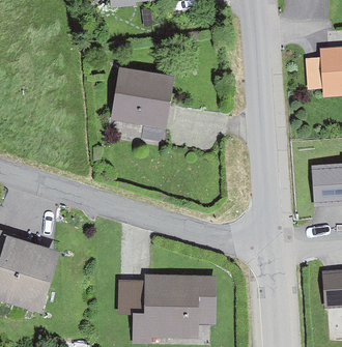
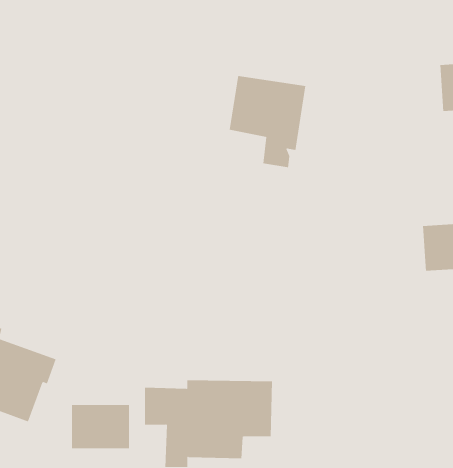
building: [116,73,171,138] -> [229,76,306,168]
building: none -> [72,404,130,449]

